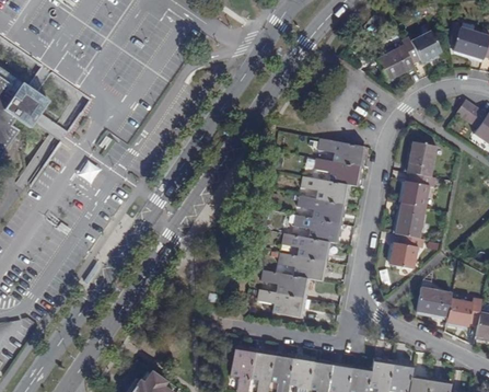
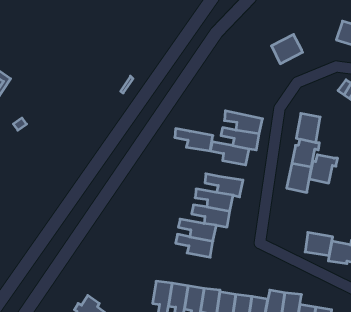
building: [399,31,440,64] -> none
building: [295,197,342,224] -> [175,129,213,151]
building: [387,235,422,270] -> [309,155,338,183]

